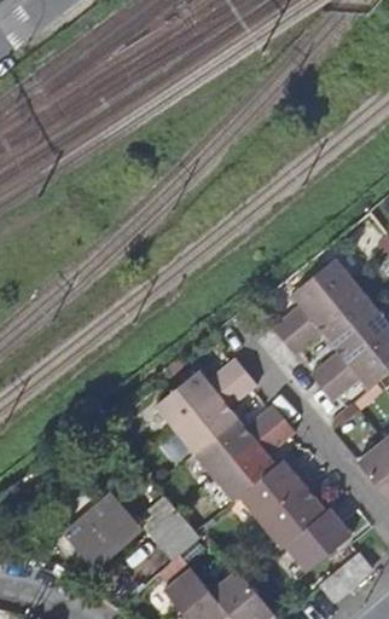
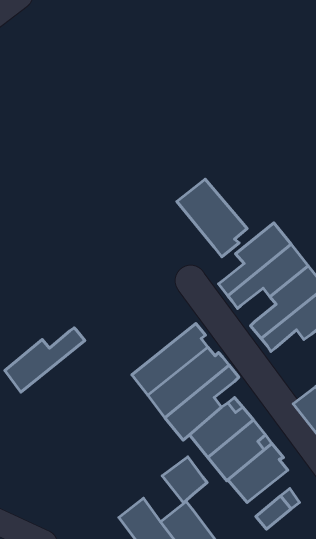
building: none -> [177,179,247,257]
building: [158,355,249,428] -> [5,328,85,392]
building: [54,499,132,573] -> none
building: [146,513,197,565] -> [162,457,207,503]

